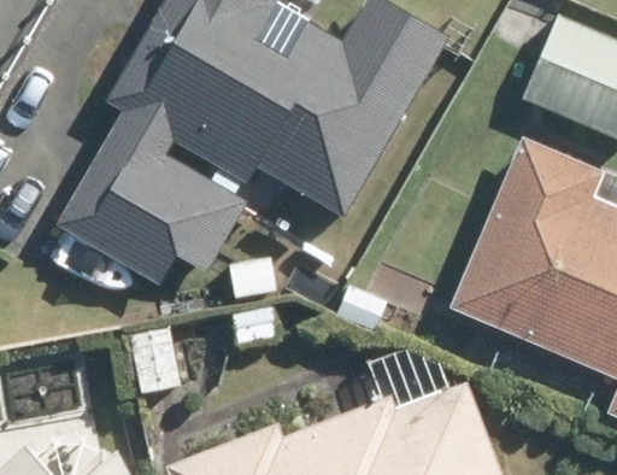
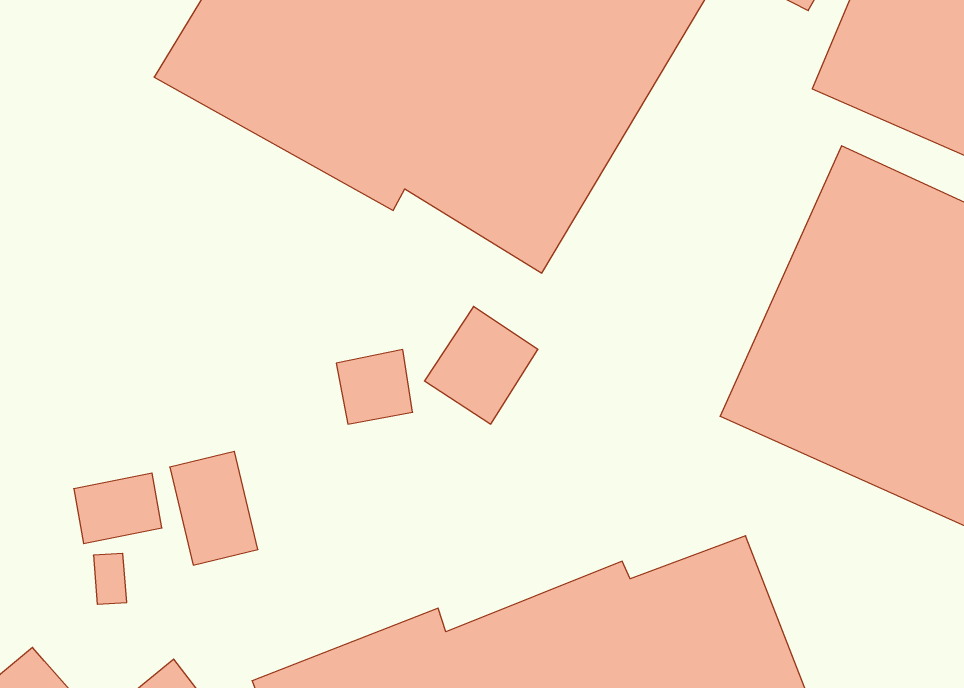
building: [57,124,248,285] -> none

